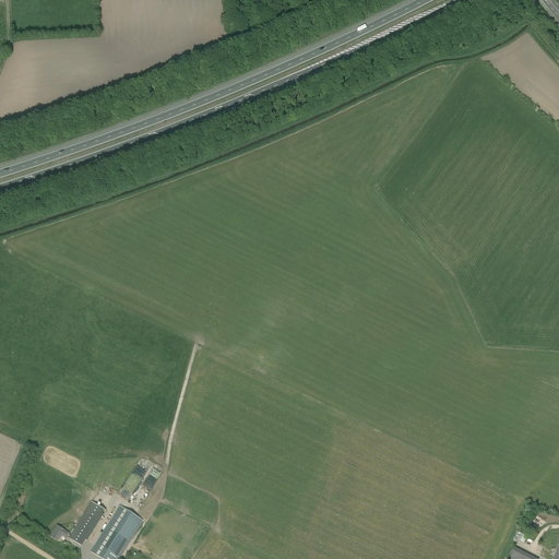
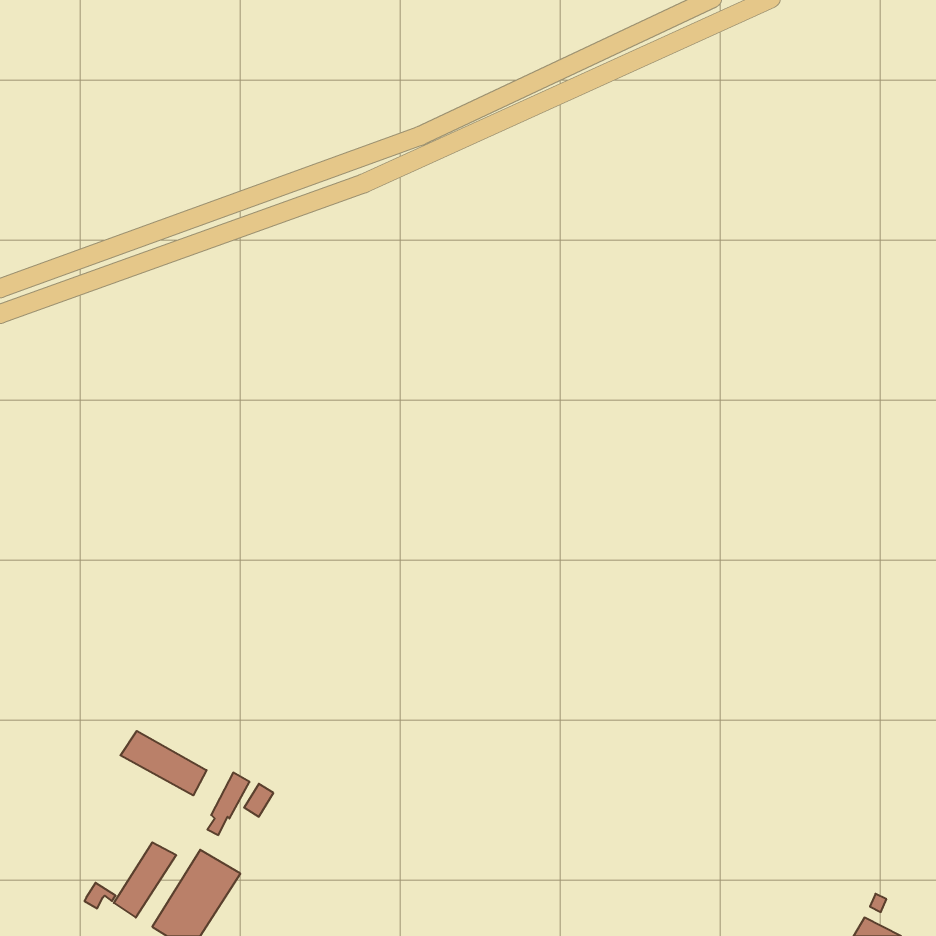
building: none -> [120,731,207,795]

